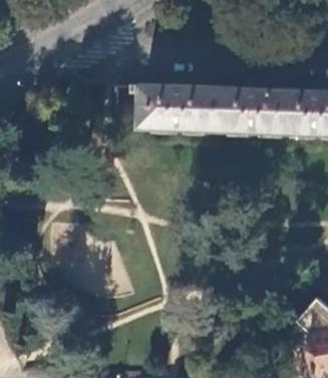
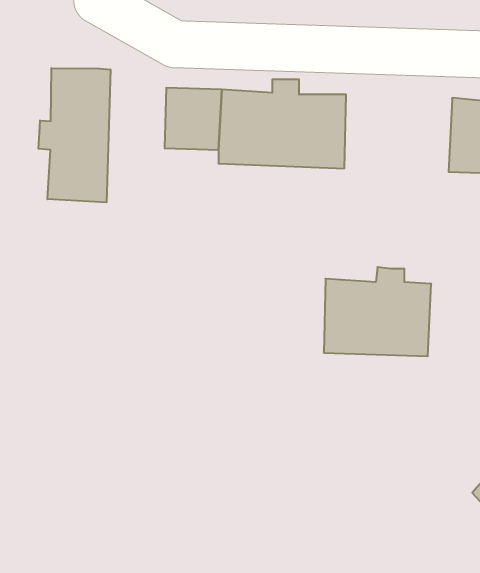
building: none -> [38,68,110,202]
building: [220,79,284,132] -> [324,267,431,356]

